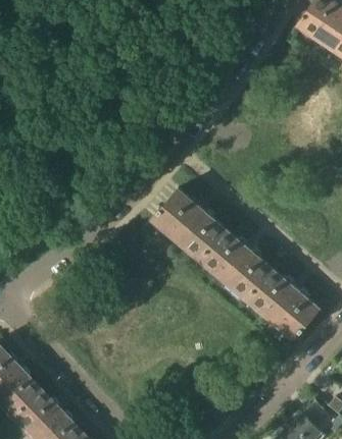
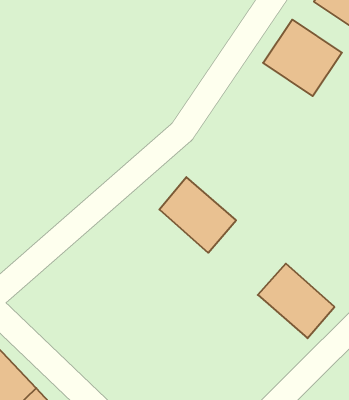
building: none -> [263,20,342,96]
building: [200,229,274,299] -> none

